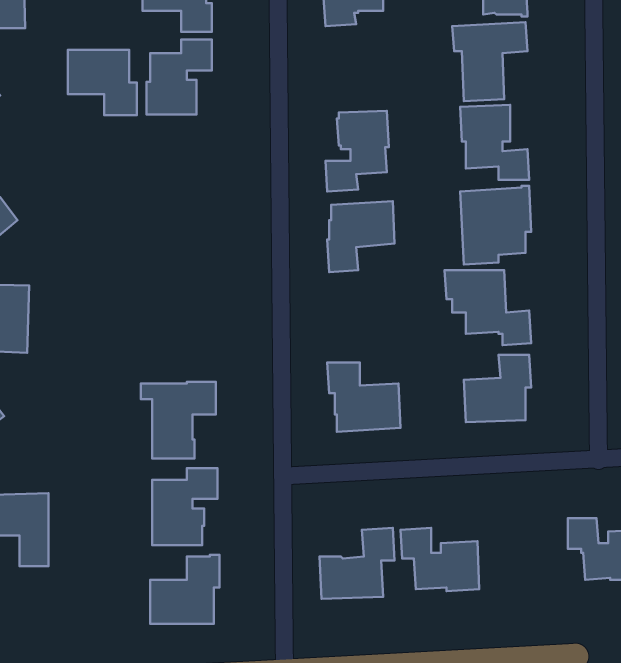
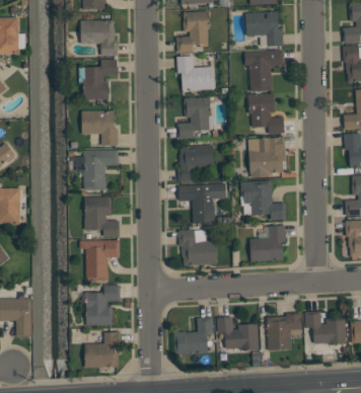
building: none -> [176,55,215,90]
building: [68,50,137,115] -> [82,110,119,145]
building: none -> [75,149,119,189]
building: none -> [178,182,226,223]
building: none -> [85,196,120,236]
building: none -> [267,312,302,349]

